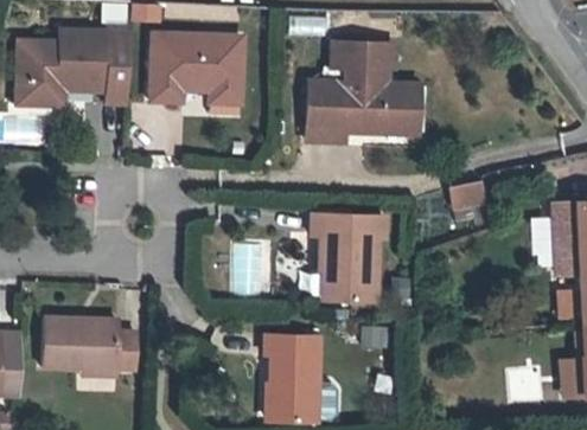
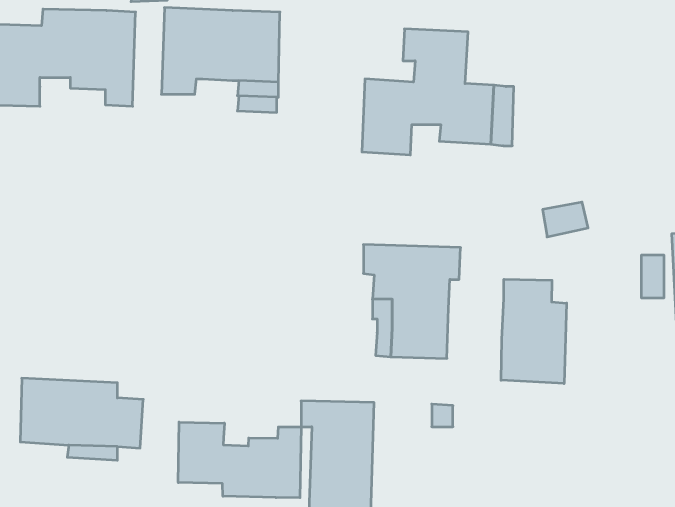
building: none -> [501,279,567,384]
building: none -> [178,422,301,498]

